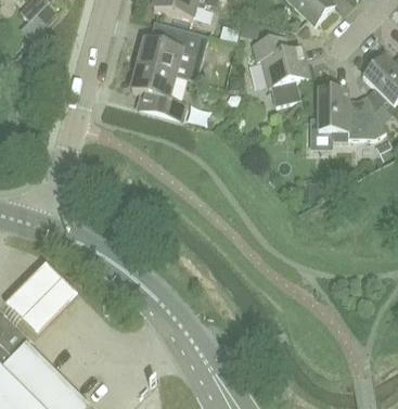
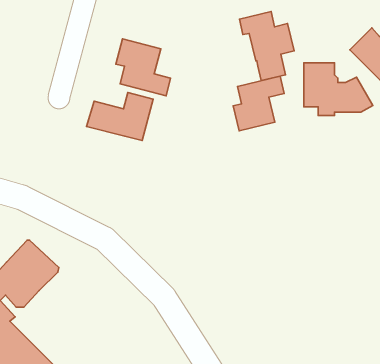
building: [137,29,203,77] -> [86,92,153,141]
building: none -> [233,76,284,131]

